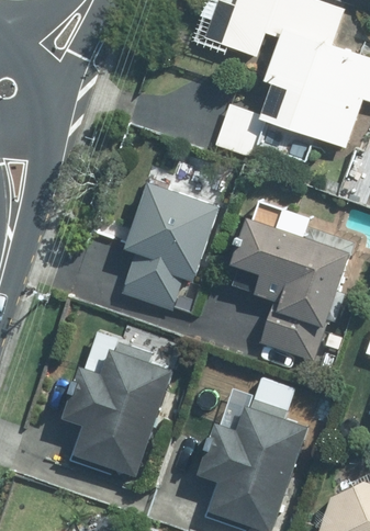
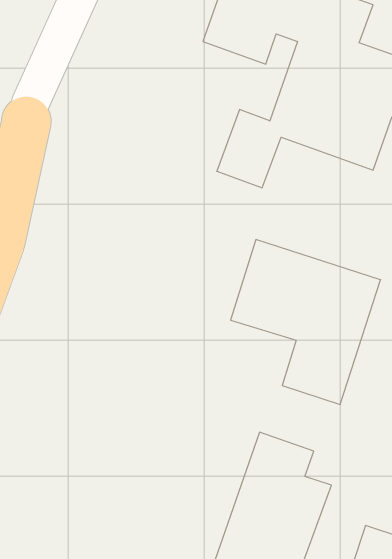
building: [110,180,222,317] -> none
building: [60,331,183,482] -> none

